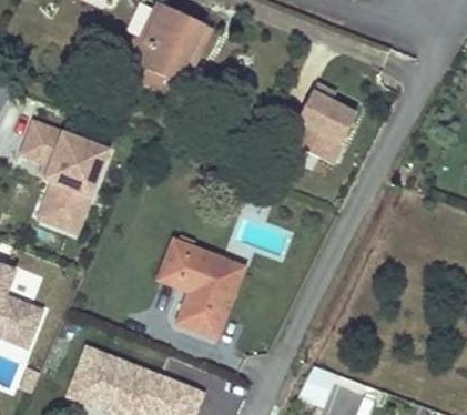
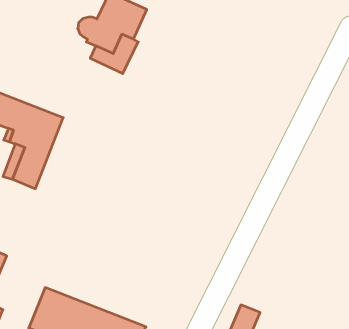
building: [287,82,355,162] -> none
building: [159,239,243,335] -> none

